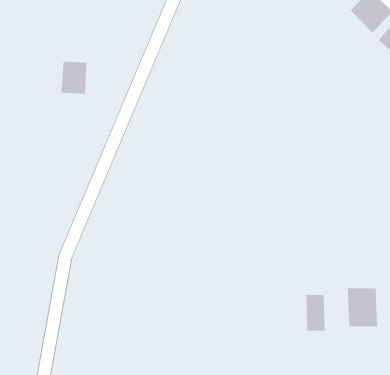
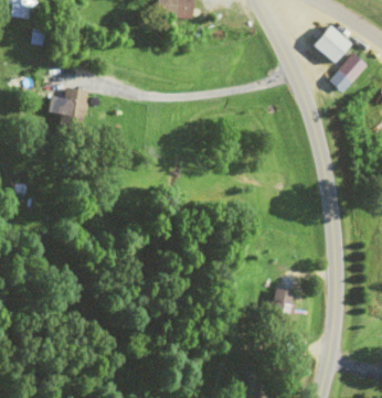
building: [347,288,377,327] -> none

